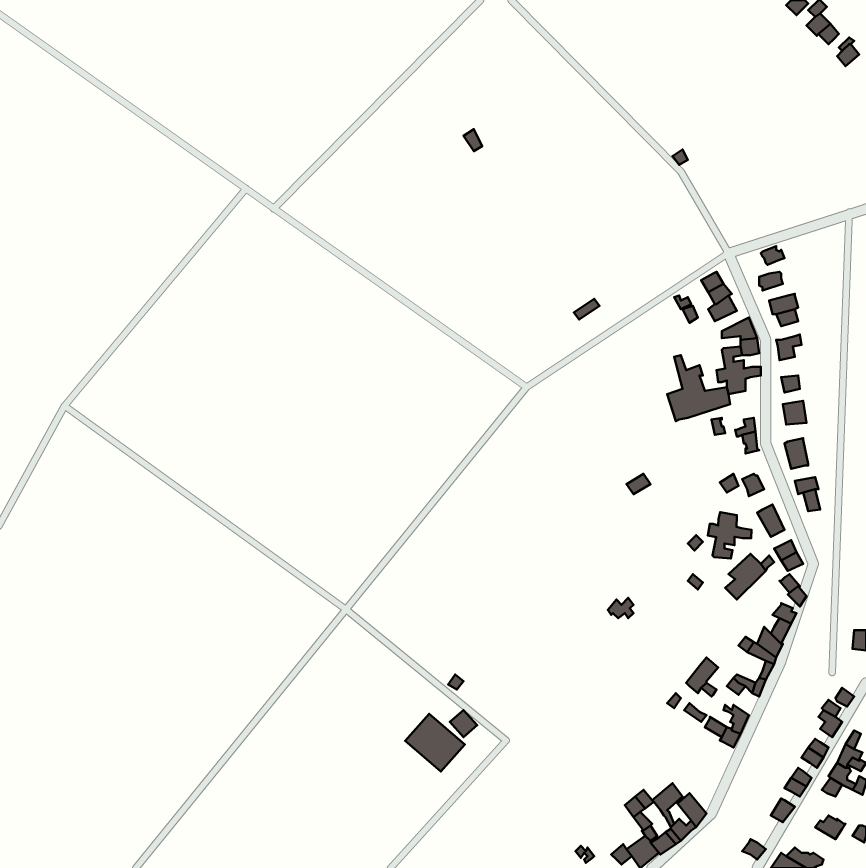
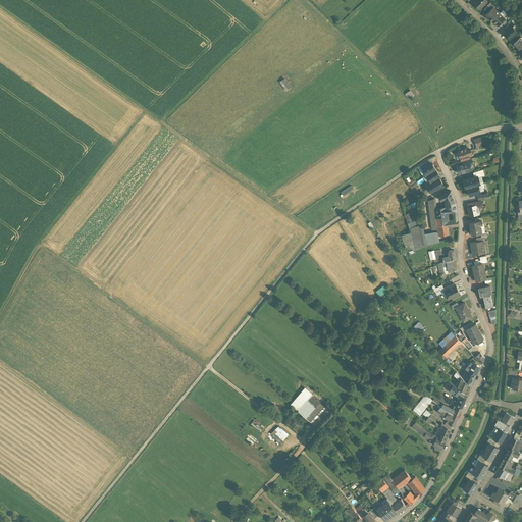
building: [708,512,751,558] -> none
building: [405,714,465,772] -> [290,388,325,423]

